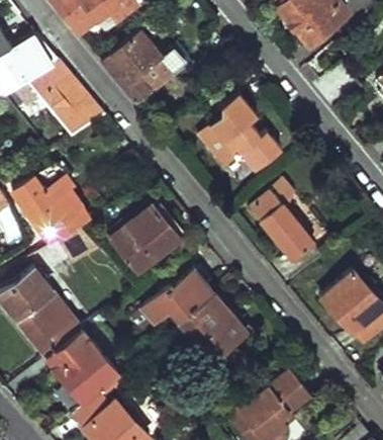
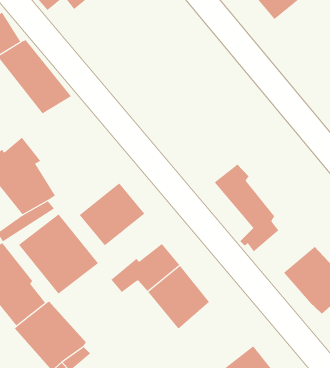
building: [101,30,187,106] -> none
building: [200,92,279,169] -> none
building: none -> [18,214,99,295]

